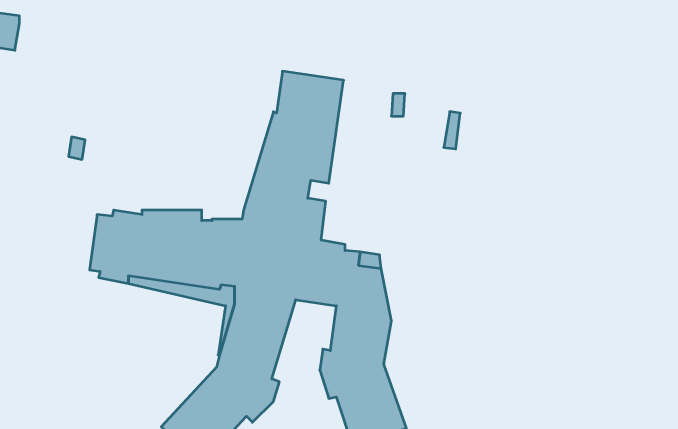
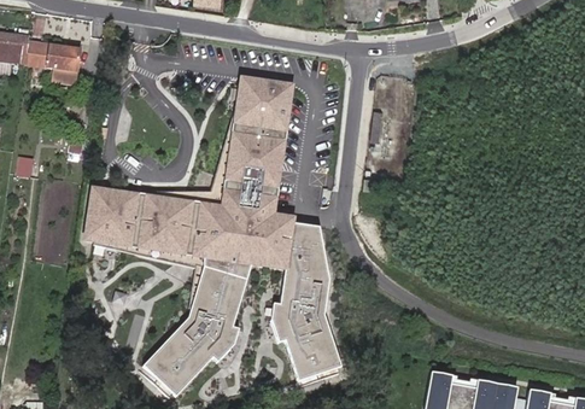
building: none -> [25,40,80,78]

